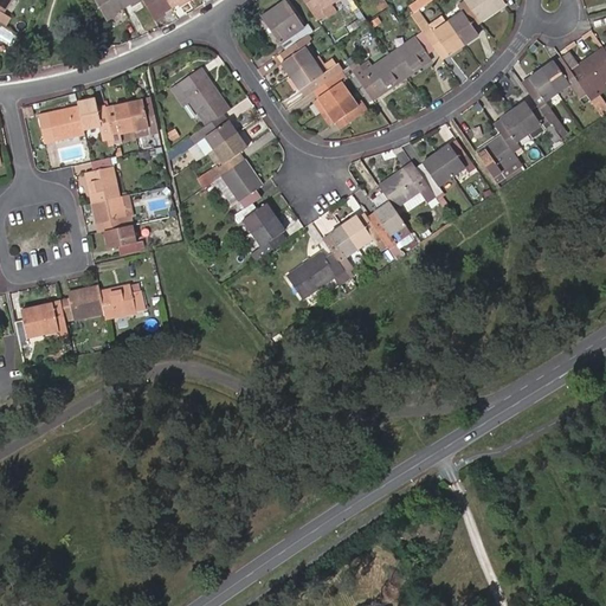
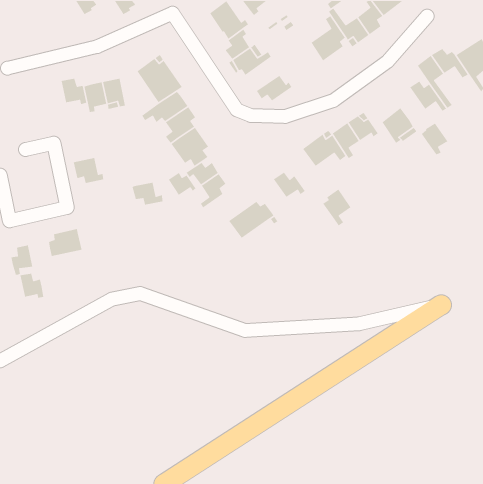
building: [349,53,405,99] -> none
building: [312,71,350,114] -> none
building: [39,105,84,141] -> none
building: [495,109,529,150] -> [421,122,448,156]
building: [85,156,120,202] -> none
building: [369,200,406,247] -> [322,188,352,226]
building: none -> [168,172,197,196]
building: [329,224,359,266] -> none
building: [104,225,144,254] -> [131,182,164,205]
building: [99,284,143,318] -> none
building: [37,303,67,335] -> [20,273,44,299]

